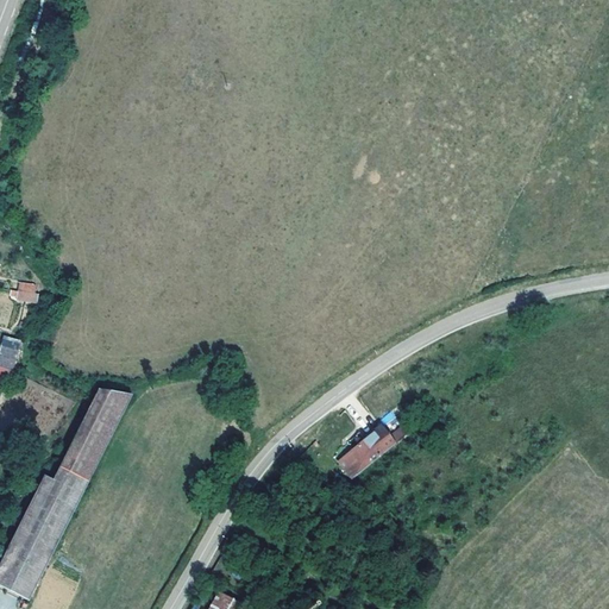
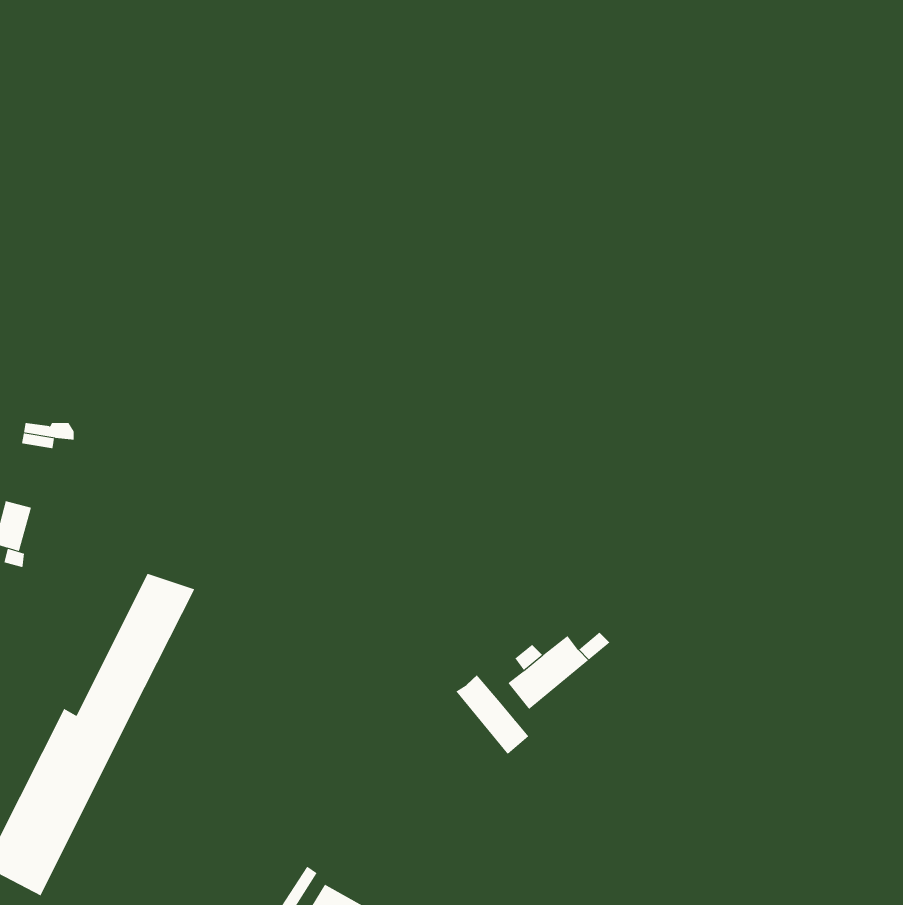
building: none -> [456,675,529,755]

